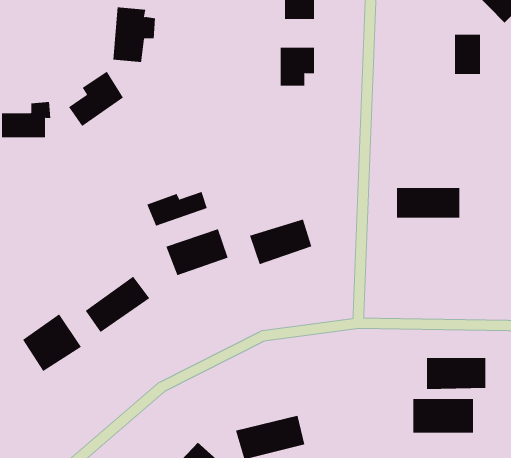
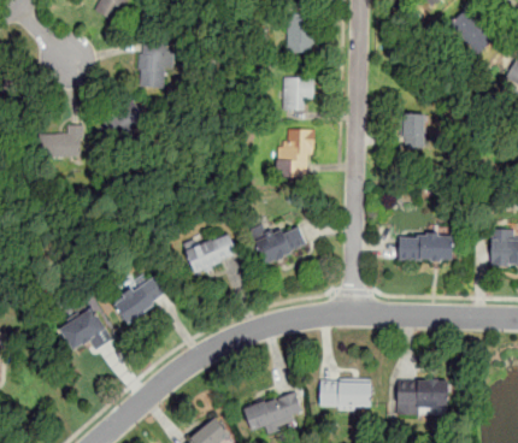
building: [454,34,481,74] -> [401,113,424,148]
building: none -> [277,128,311,177]
building: [396,187,460,218] -> [398,234,453,260]
building: [146,191,208,226] -> none
building: [426,357,486,390] -> [319,380,371,408]

